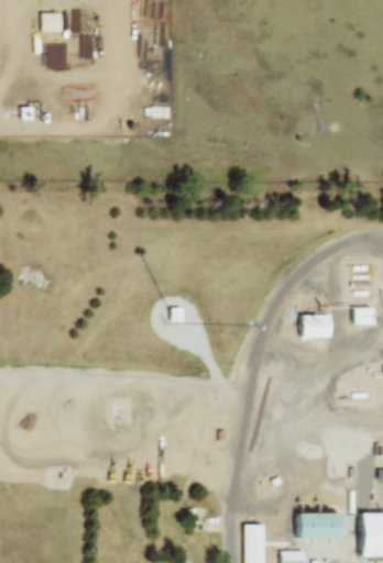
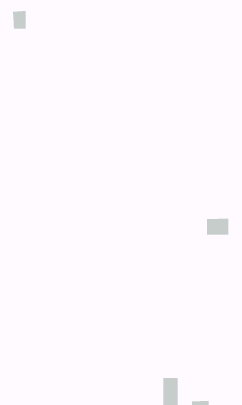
building: [299,514,342,540] -> none

